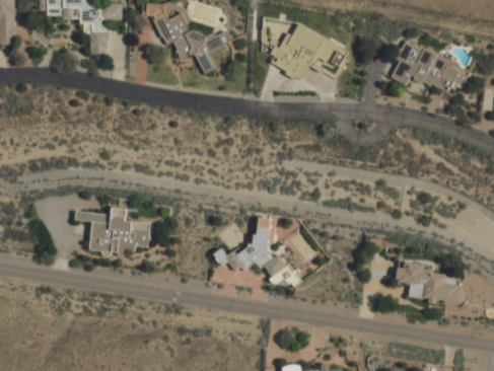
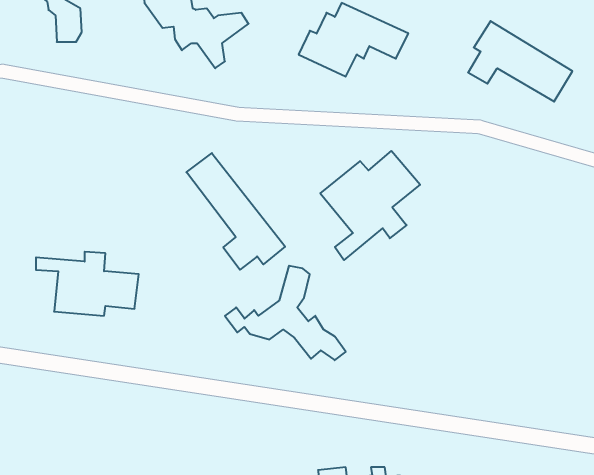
building: none -> [320,151,420,260]
building: none -> [186,153,285,270]
building: [397,261,466,304] -> none

